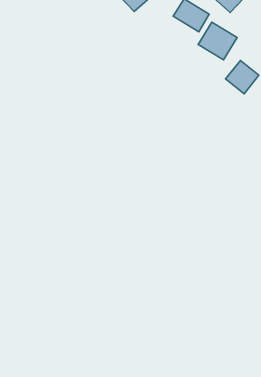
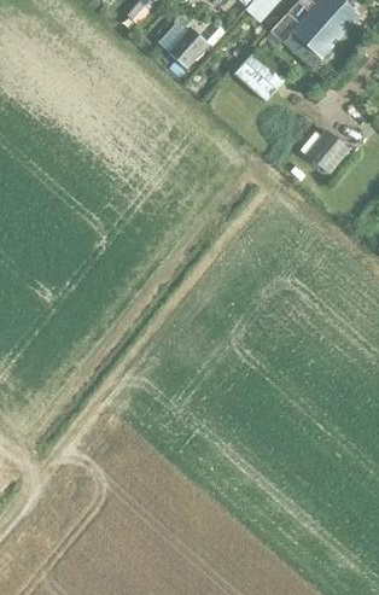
building: [198,22,237,60] -> none

